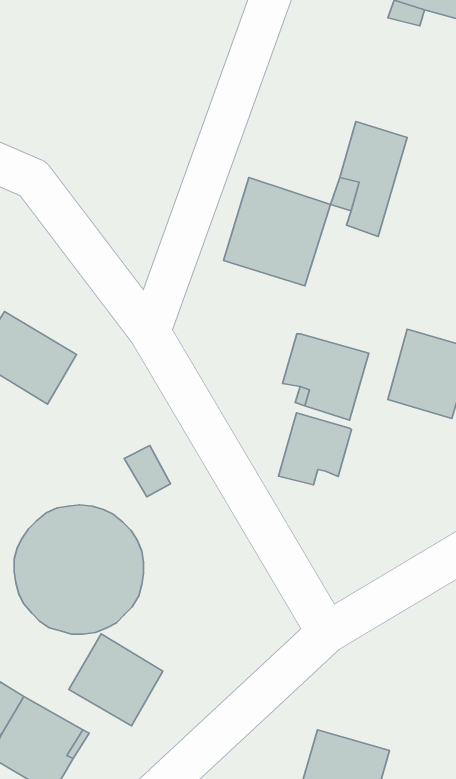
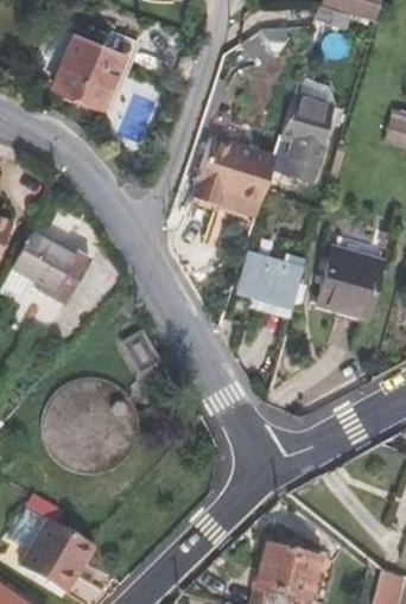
building: none -> [40,15,131,104]
building: [278,413,351,485] -> none
building: [69,634,163,726] -> none

